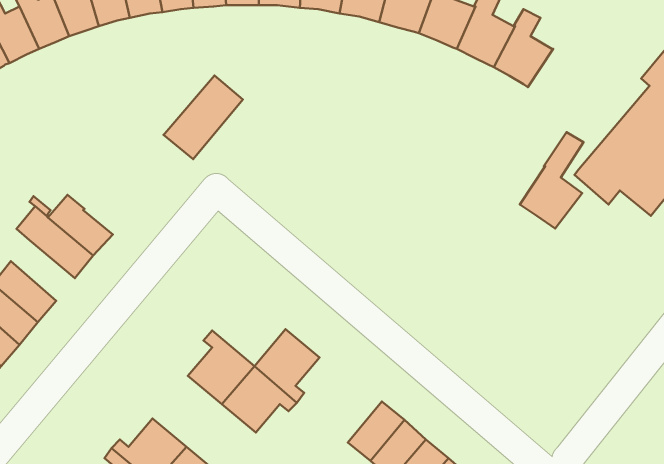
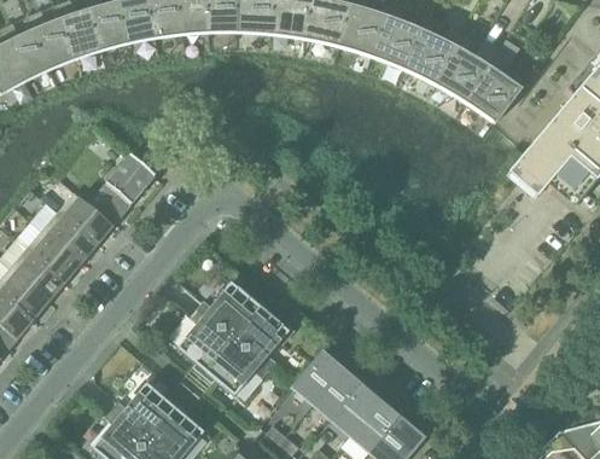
building: [163,76,243,159] -> [88,155,156,226]
building: [520,132,584,228] -> [467,39,522,121]
building: none -> [27,231,81,283]
building: none -> [198,281,261,338]
building: none -> [295,351,343,403]

